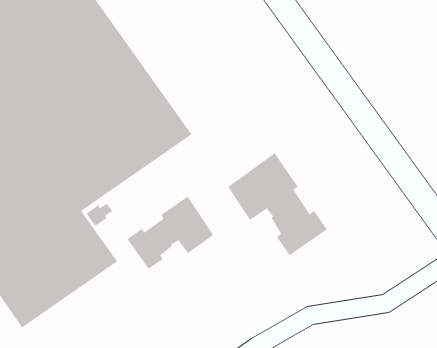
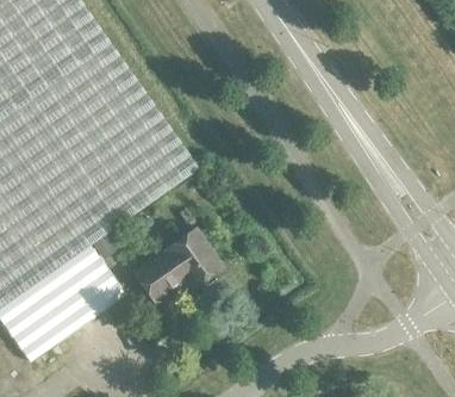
building: [227,152,328,256] -> none

